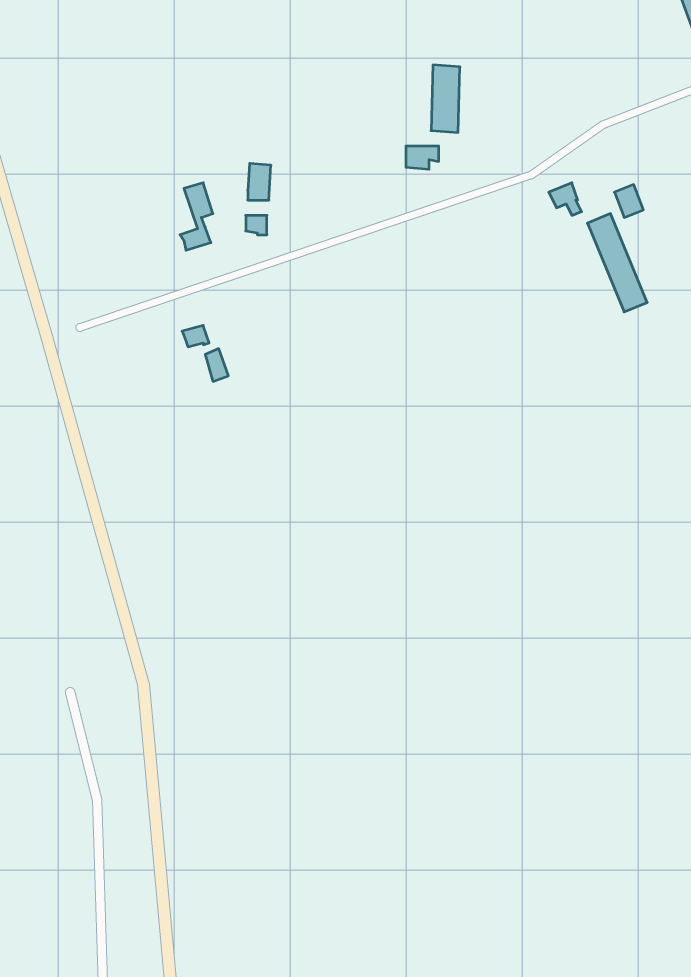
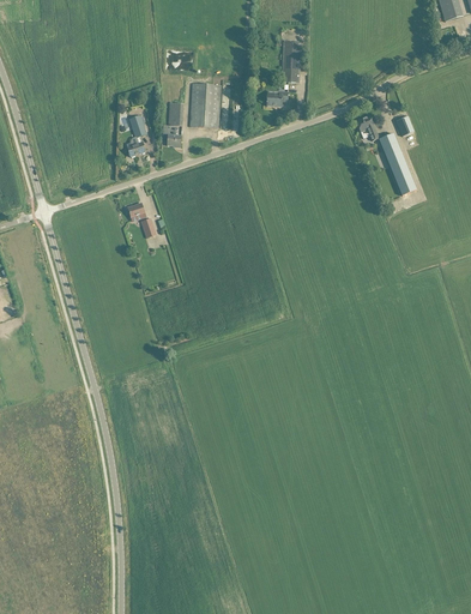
building: none -> [189,83,219,127]

